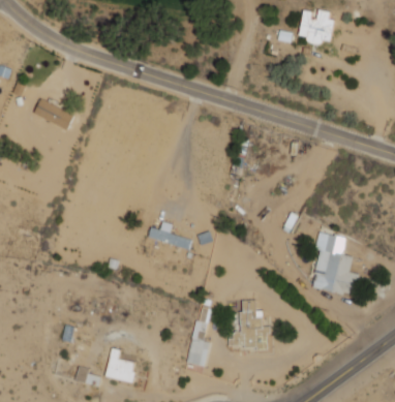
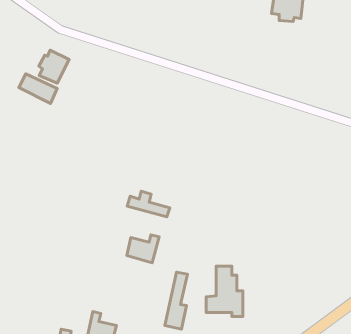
building: none -> [39,50,69,83]
building: [310,233,357,296] -> none
building: none -> [127,235,159,263]

